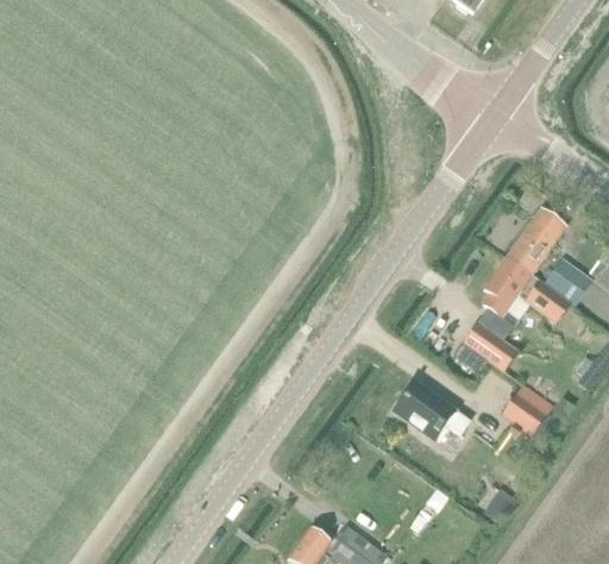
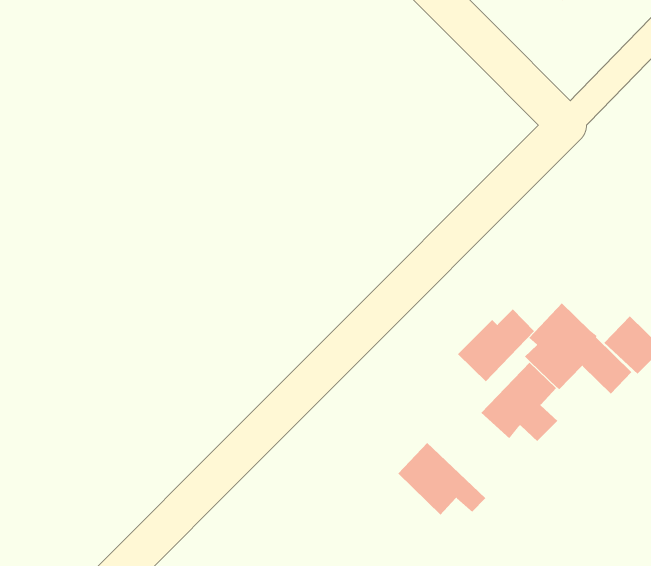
building: [506,213,565,275] -> [457,309,535,382]
building: [500,382,553,435] -> none

